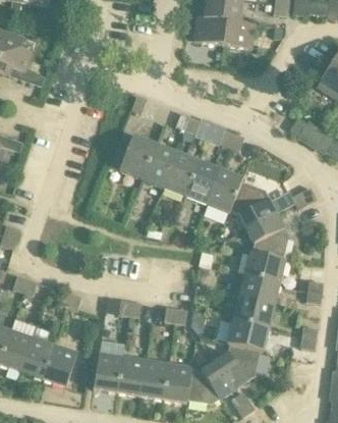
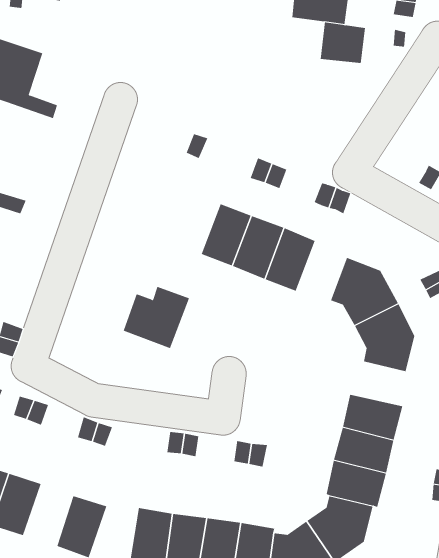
building: [194,15,227,45] -> none
building: [110,136,156,178] -> [123,286,190,349]
building: [208,169,243,212] -> none
building: [244,251,286,282] -> none
building: [21,335,55,378] -> none

